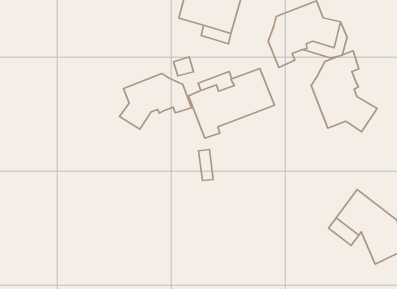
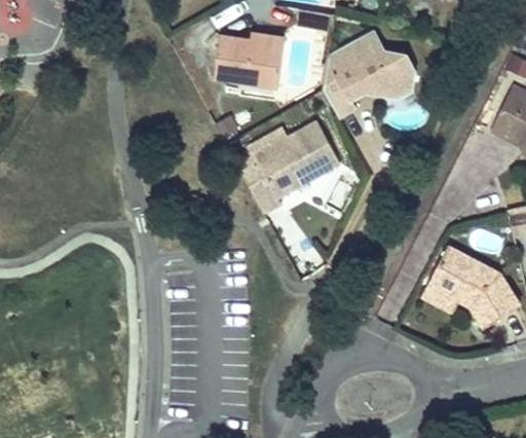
building: [311,51,377,132] -> none
building: [120,74,191,129] -> none

